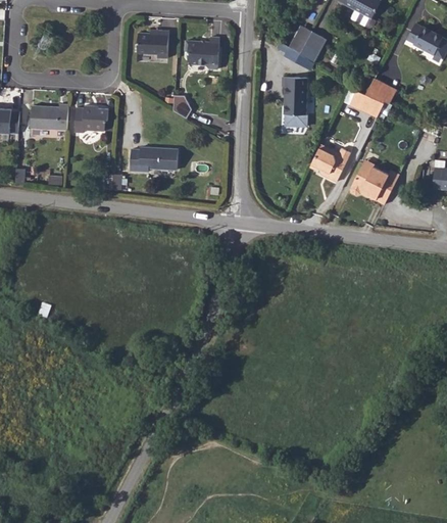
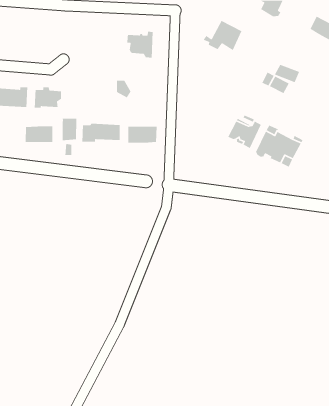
building: [139,33,168,60] -> none
building: [283,74,308,126] -> none
building: none -> [62,118,77,141]
building: none -> [25,126,53,143]
building: none -> [127,126,157,144]

